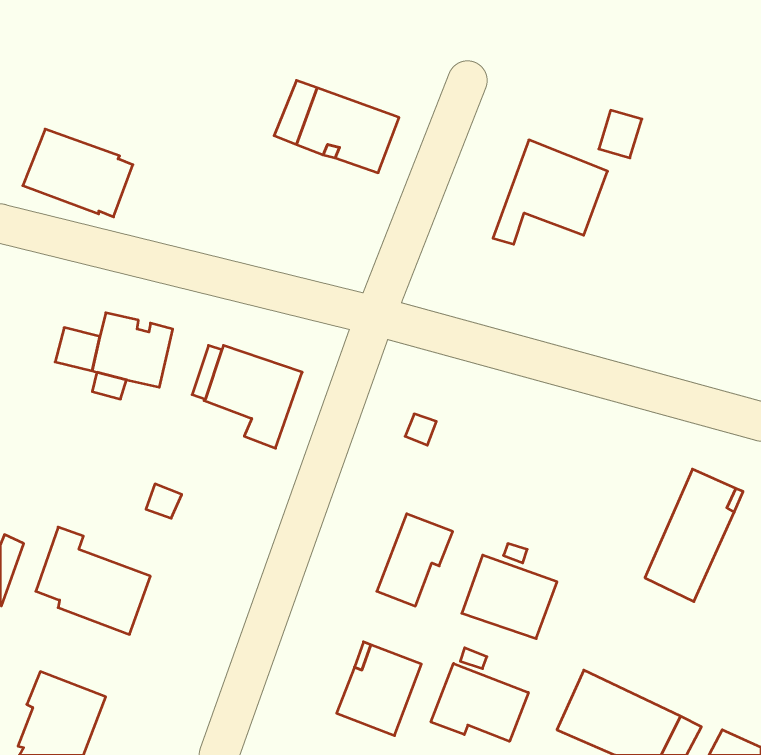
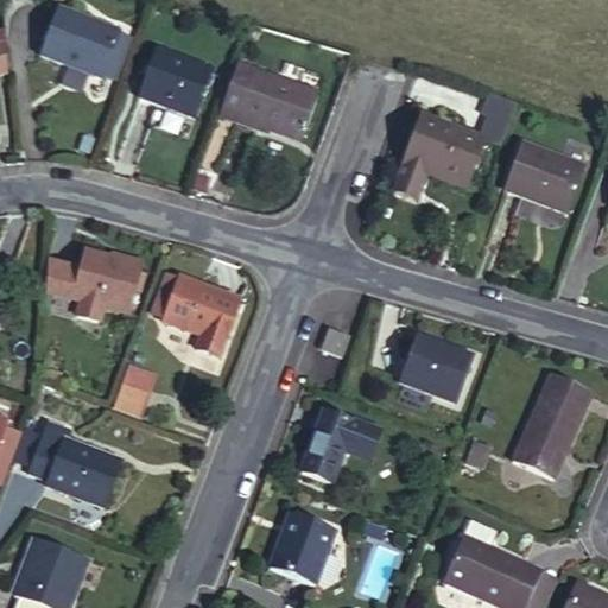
building: none -> [139,48,211,115]
building: [23,129,133,217] -> [40,8,128,78]
building: none -> [505,141,585,211]
building: [462,555,557,639] -> [399,335,475,401]
building: [431,663,528,741] -> none

